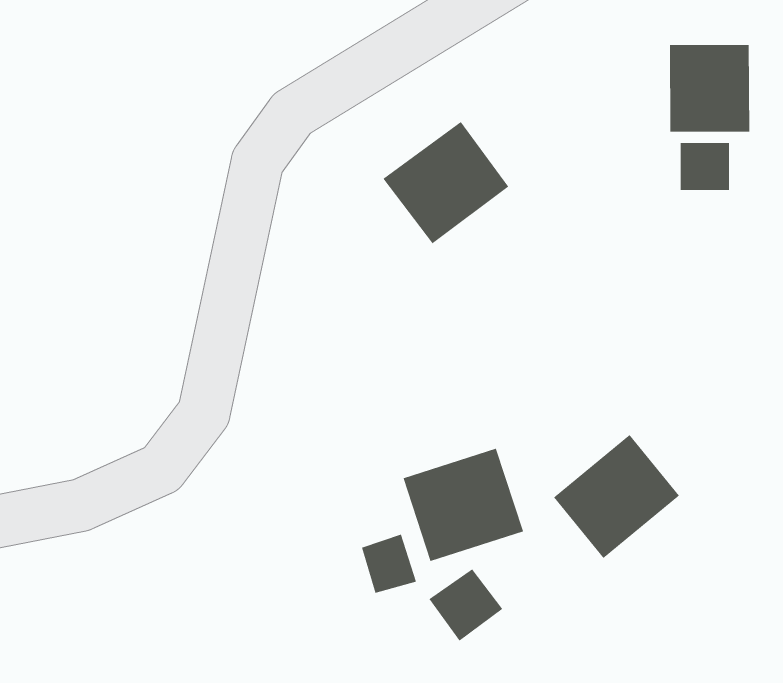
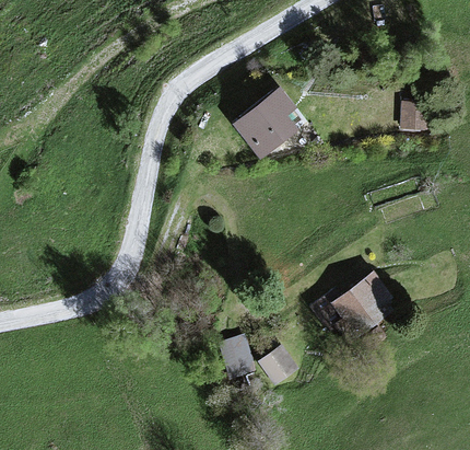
building: [669,44,750,133] -> none
building: [403,448,524,562] -> none

